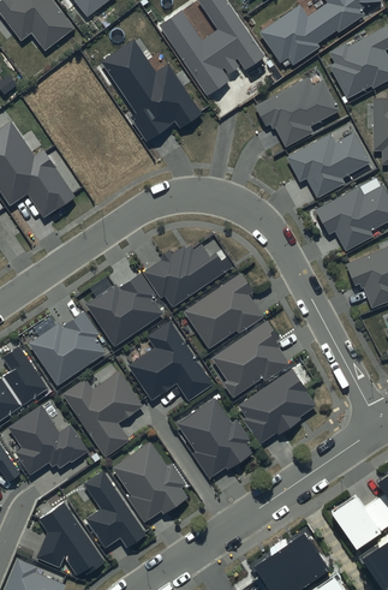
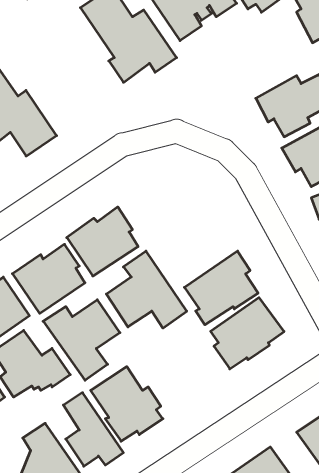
building: [255,77,340,148] -> none
building: [143,245,233,308] -> none
building: [183,273,264,348] -> none
building: [177,398,253,478] -> none

